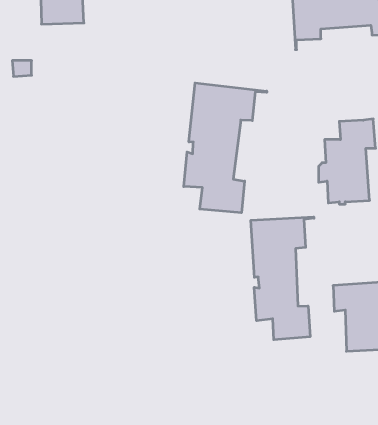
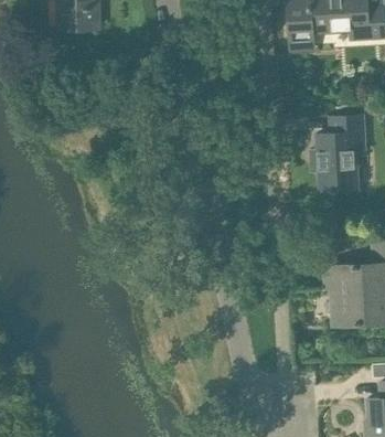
building: [184,83,267,213] -> none
building: [251,217,314,340] -> none

